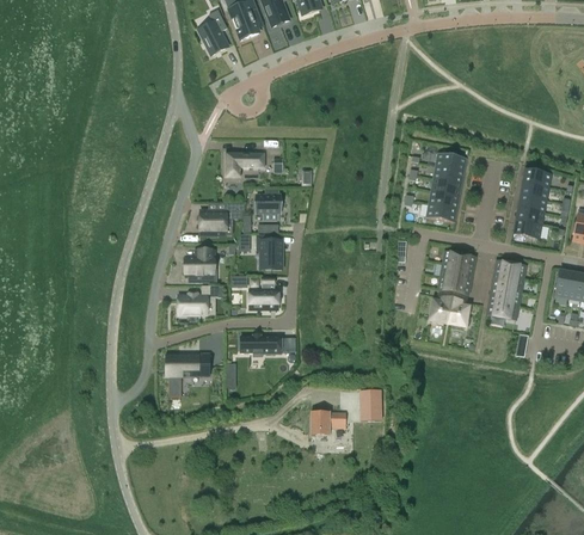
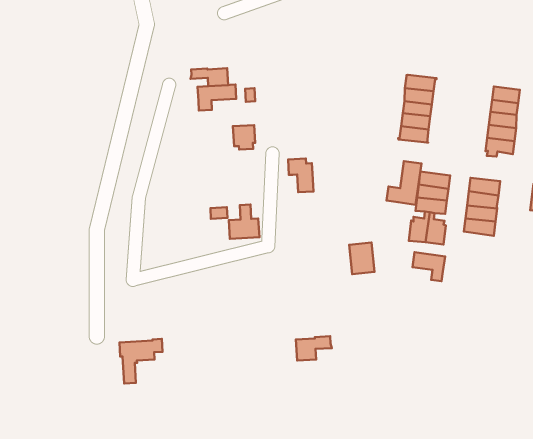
building: none -> [190,68,228,86]
building: [201,207,227,232] -> none
building: [257,235,281,269] -> [288,159,314,192]
building: none -> [386,161,421,205]
building: [185,250,213,276] -> none
building: [177,287,216,315] -> none
building: none -> [412,252,445,281]
building: [235,336,276,357] -> none
building: [166,353,209,396] -> [119,339,163,384]
building: [358,389,382,420] -> [349,242,374,274]

